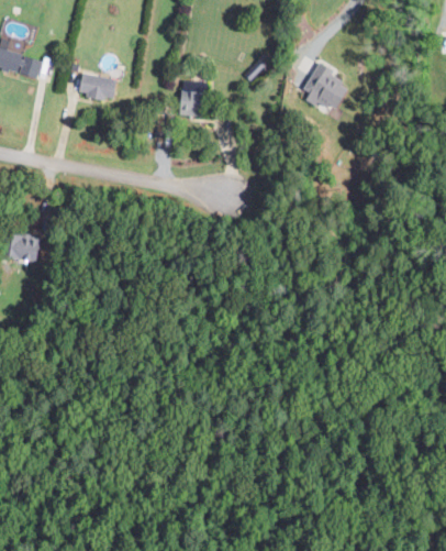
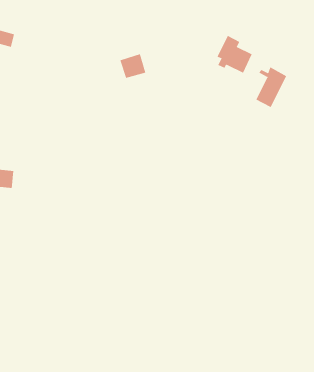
building: [75,74,115,98] -> none
building: none -> [256,66,287,108]

